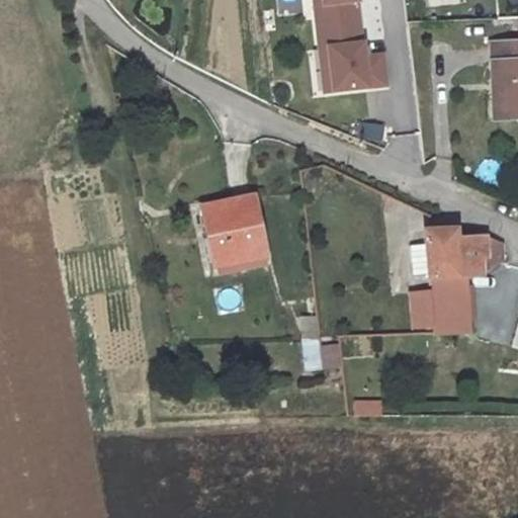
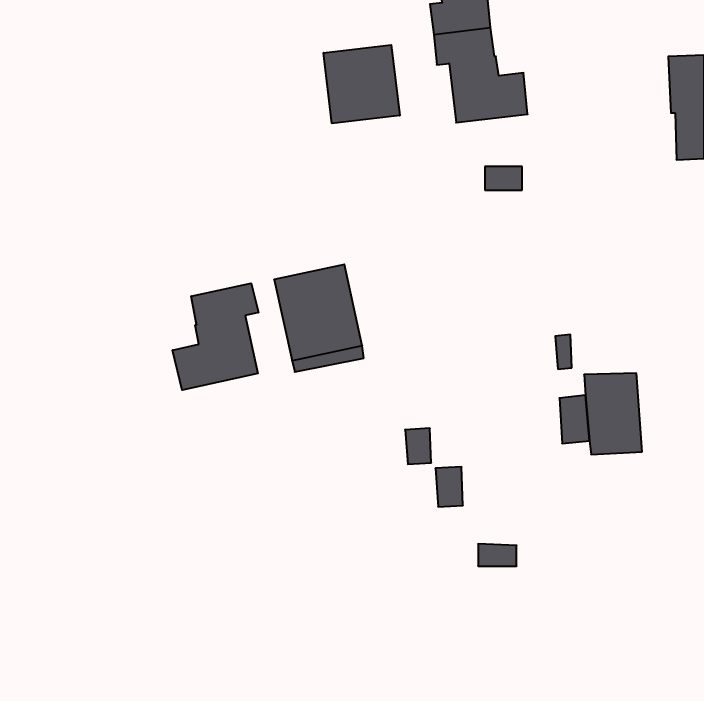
building: none -> [324,45,400,123]
building: none -> [173,283,258,390]
building: [425,229,501,275] -> none

